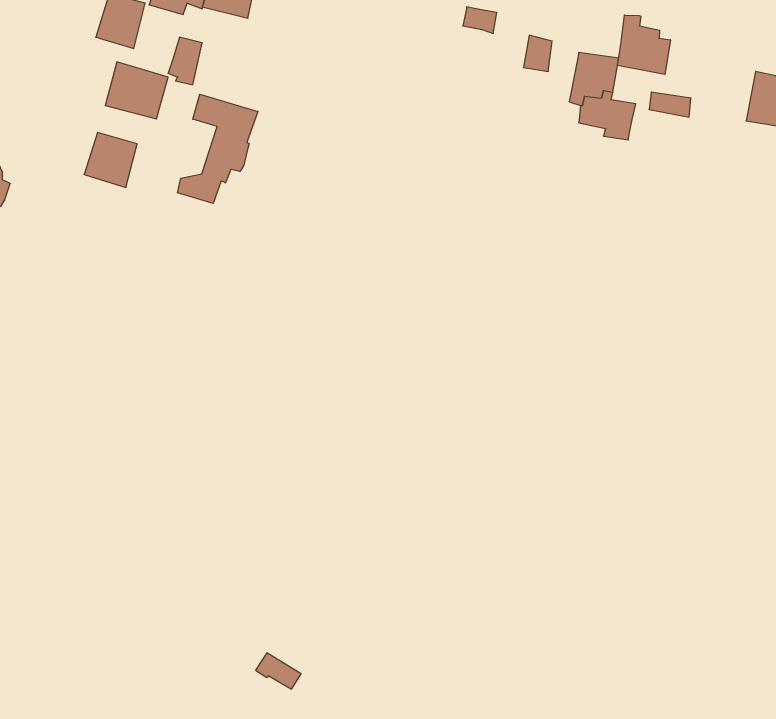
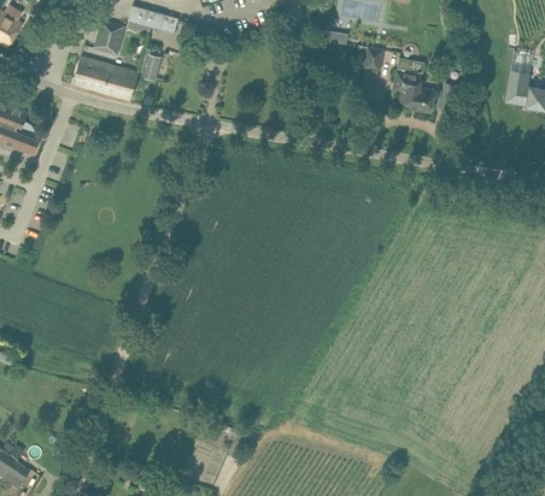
building: [618,15,670,74] -> none
building: [177,94,258,203] -> none
building: [84,133,137,188] -> [72,57,106,91]

